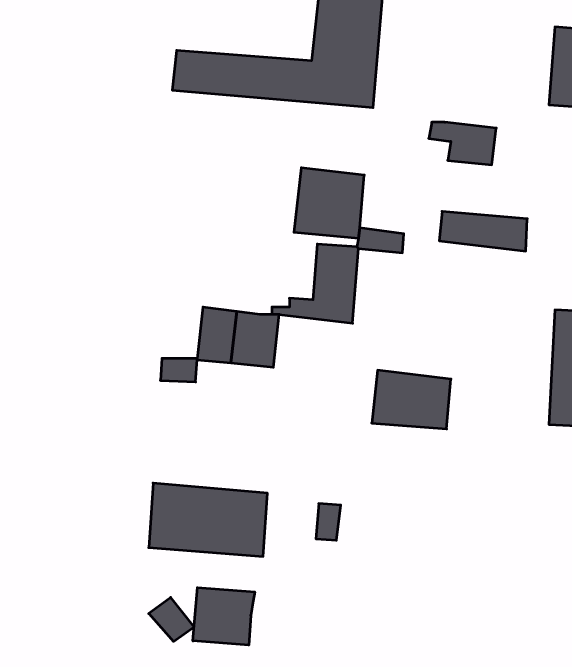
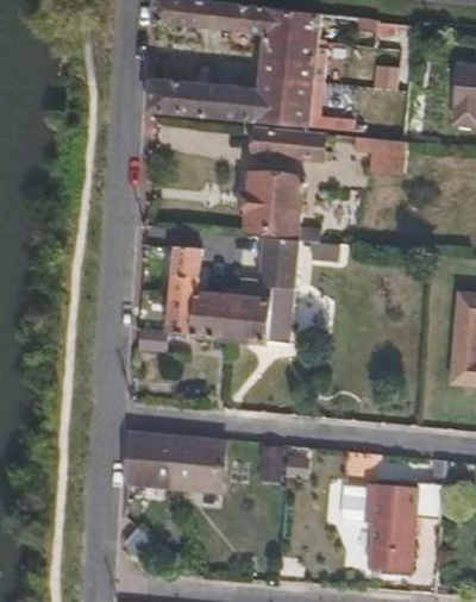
building: [439,211,527,251] -> [252,127,324,159]
building: none -> [170,245,200,291]
building: [372,370,451,429] -> [227,294,292,341]
building: none -> [367,482,444,572]
building: [193,588,255,645] -> none

